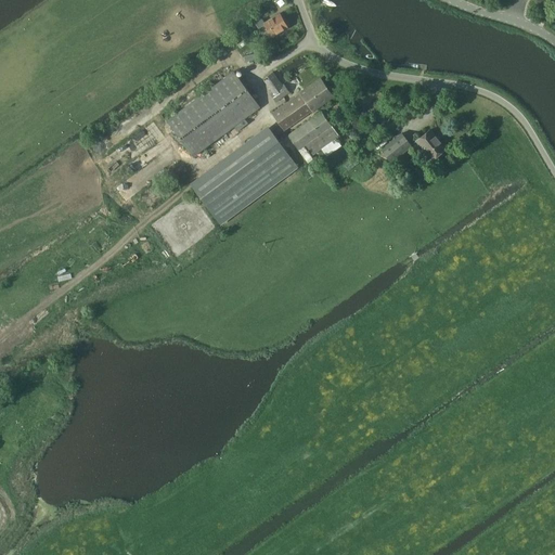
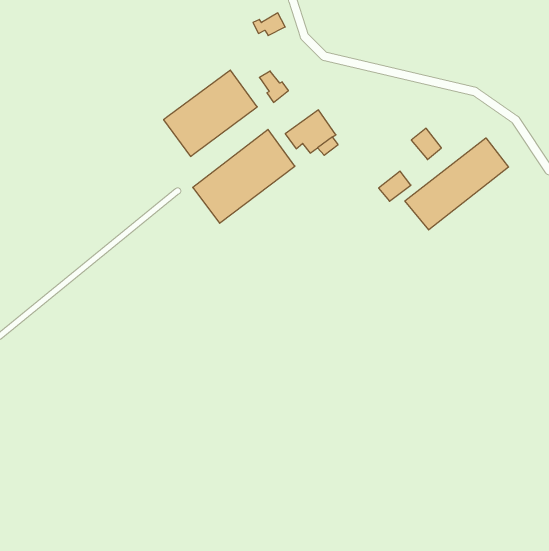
building: [271,77,333,130] -> none
building: [379,132,412,163] -> [379,171,411,201]
building: none -> [405,138,509,230]

